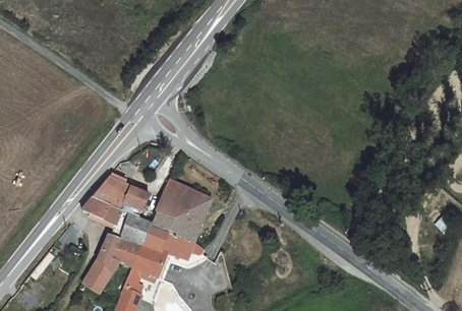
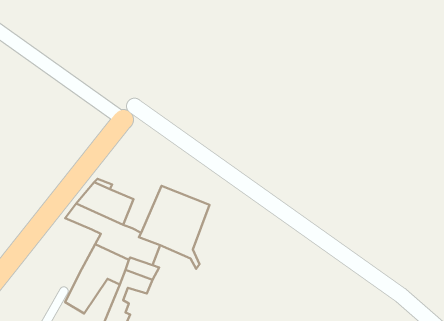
building: [161,233,200,261] -> none

